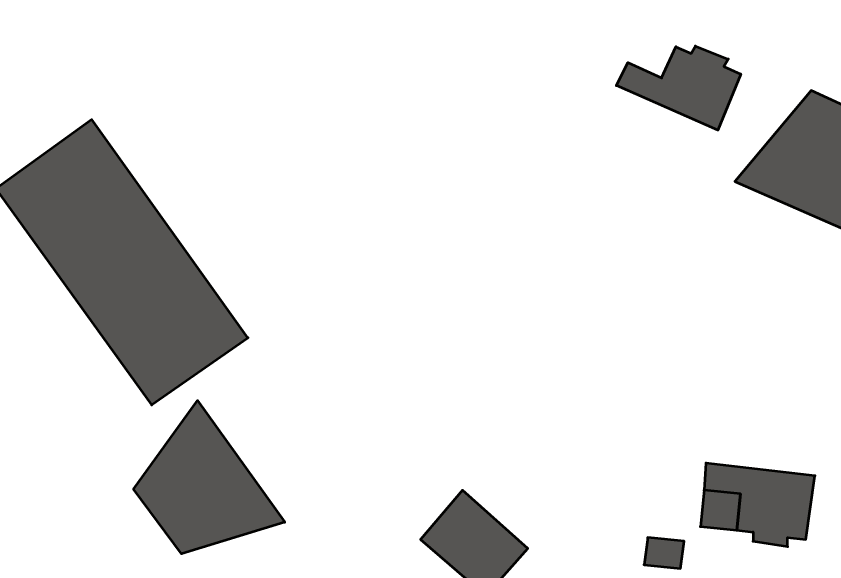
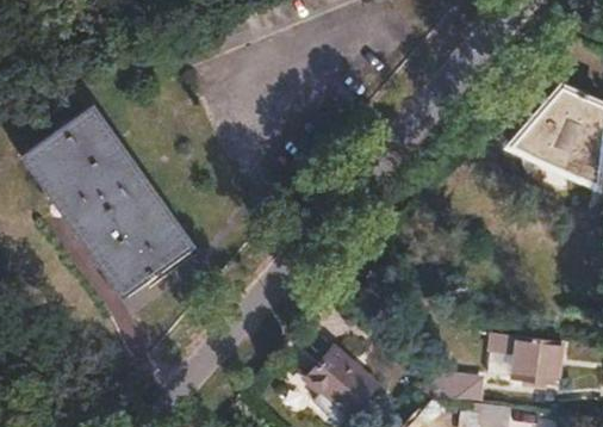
building: [616,46,741,130] -> none
building: [134,401,285,554] -> none

